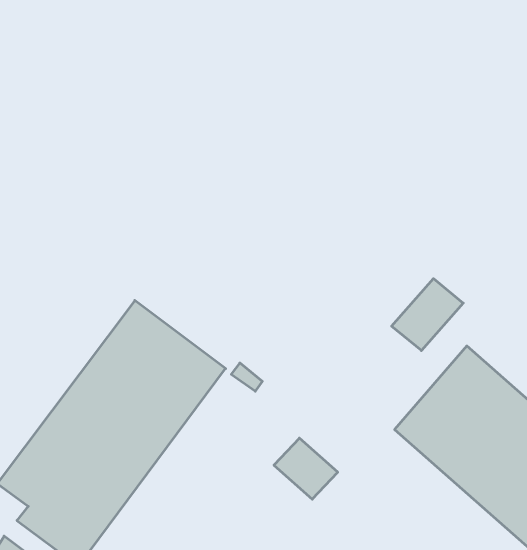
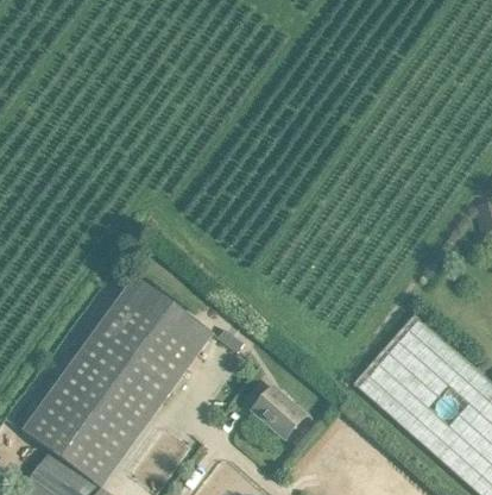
building: [392,279,463,351] -> none

